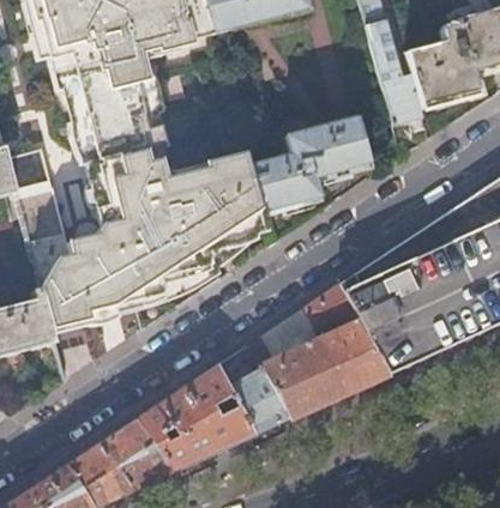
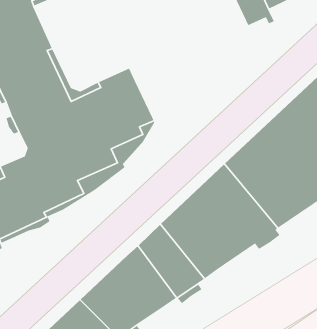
building: [249,115,372,213] -> none

